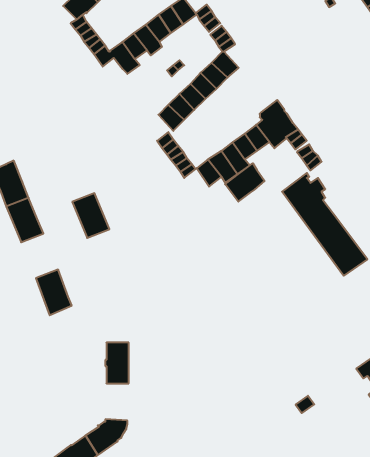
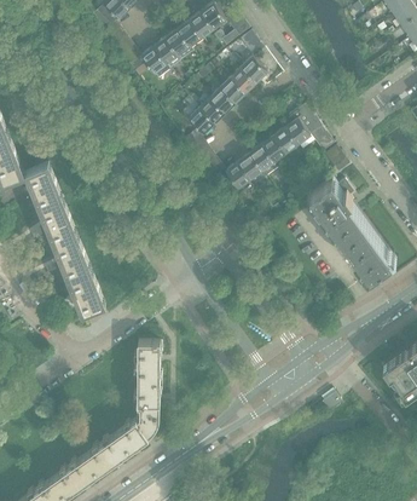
building: [225,163,265,202] -> none
building: [72,193,109,238] -> [53,235,89,278]
building: none -> [135,381,158,418]

